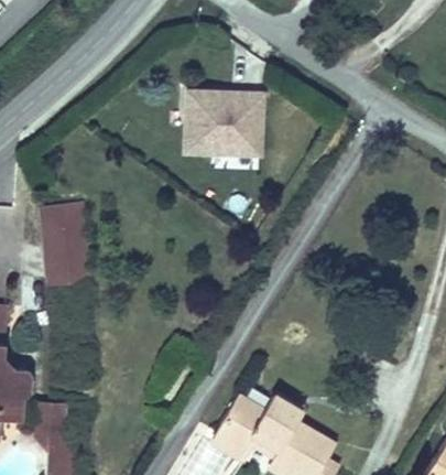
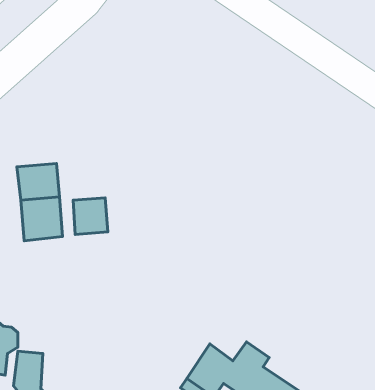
building: [182,87,265,156] -> none
building: none -> [73,198,108,234]

